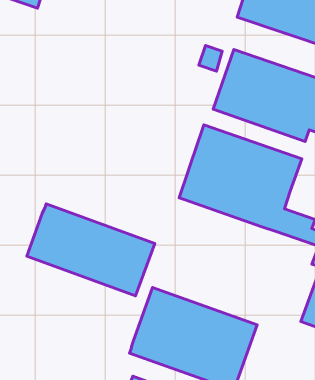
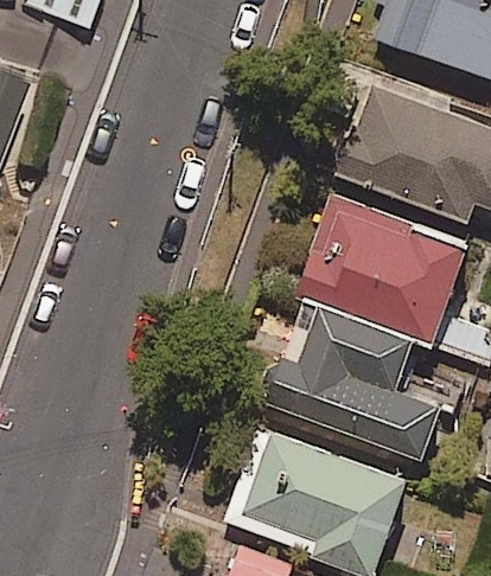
building: none -> [263,300,439,461]
building: [27,204,155,296] -> none

